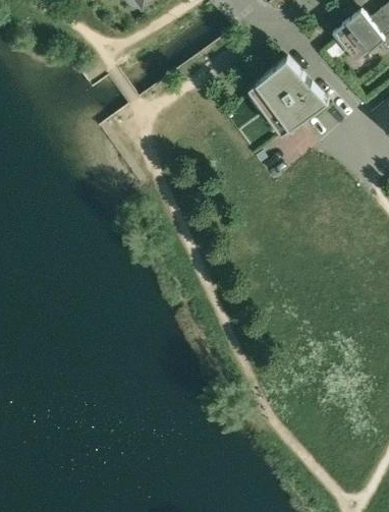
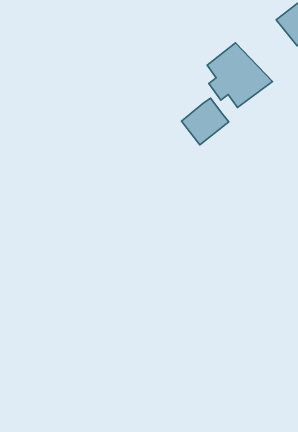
building: none -> [181,98,229,145]

